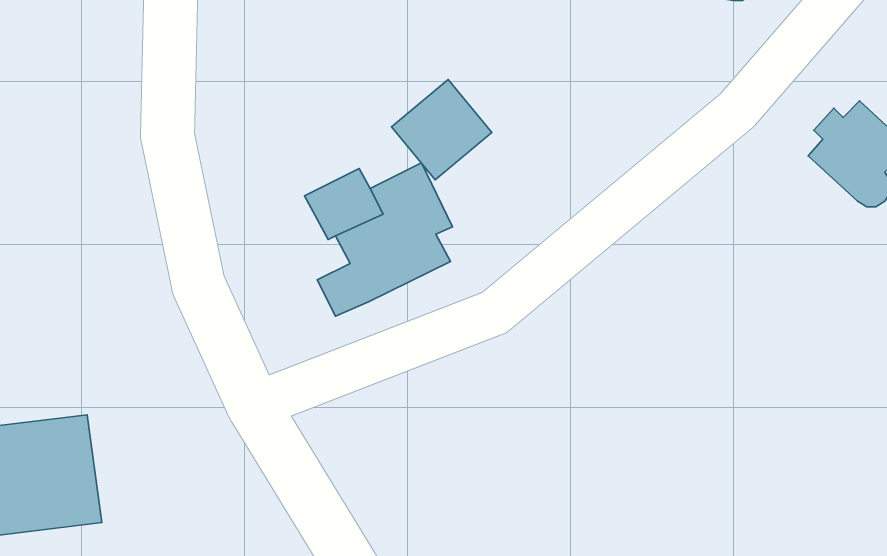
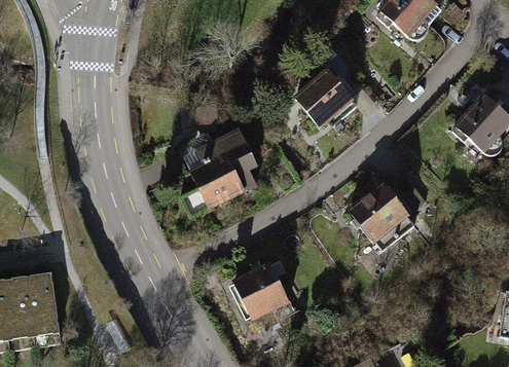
building: [391,79,492,180] -> [294,70,351,126]
building: none -> [350,184,414,241]
building: none -> [233,262,288,318]

